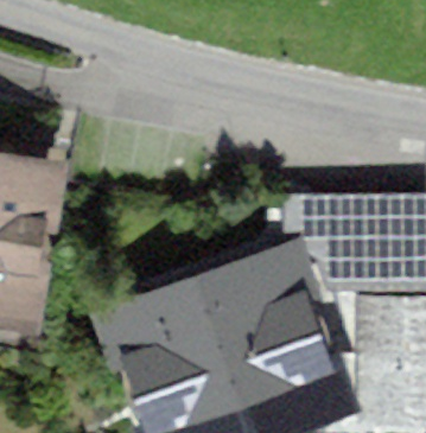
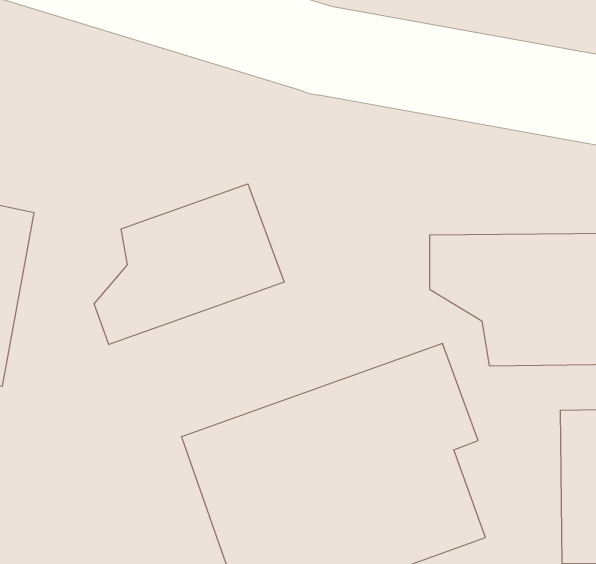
building: none -> [94,184,284,345]

